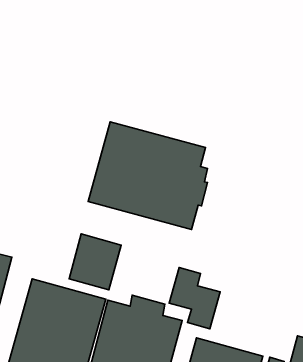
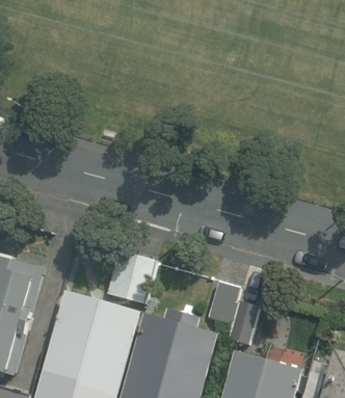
building: [88,122,208,230] -> none

